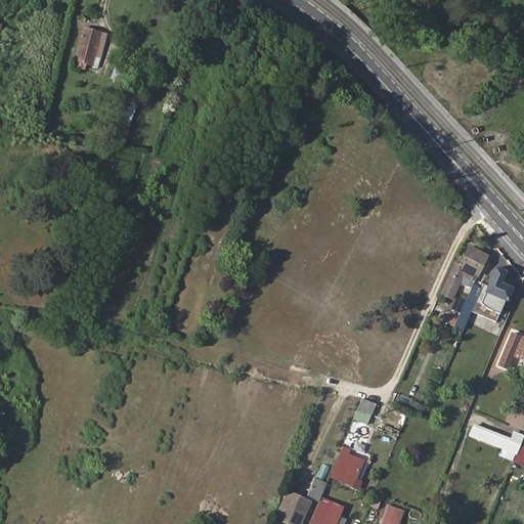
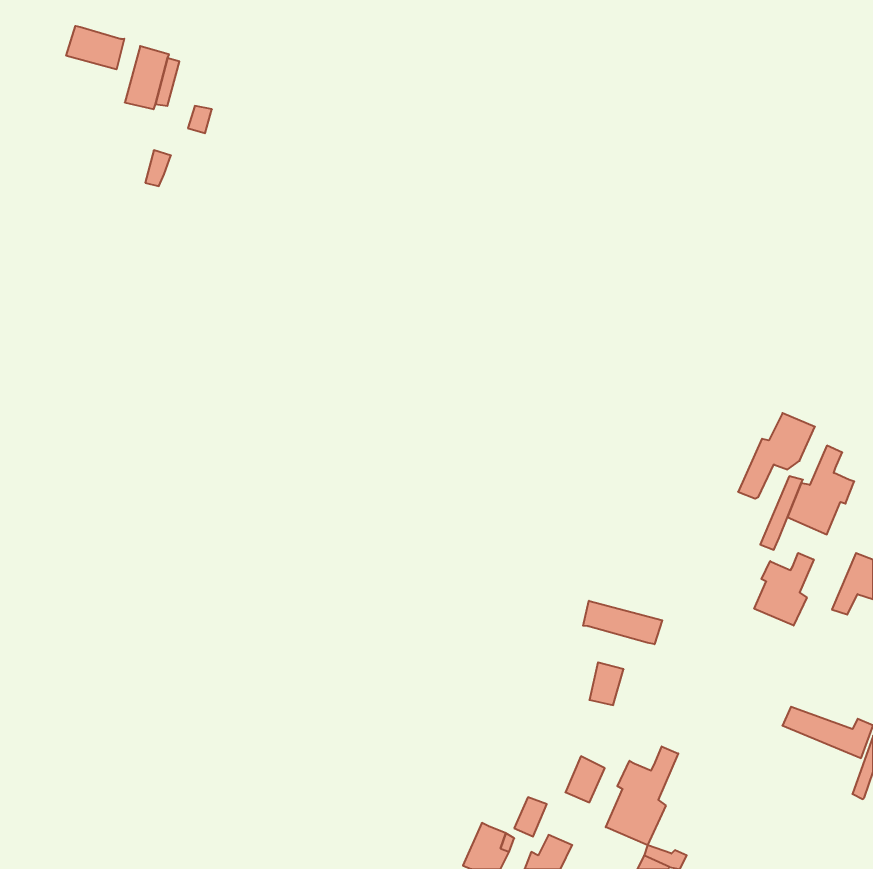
building: none -> [66,26,124,69]
building: none -> [754,553,814,626]
building: none -> [583,601,662,644]
building: none -> [606,746,678,845]

